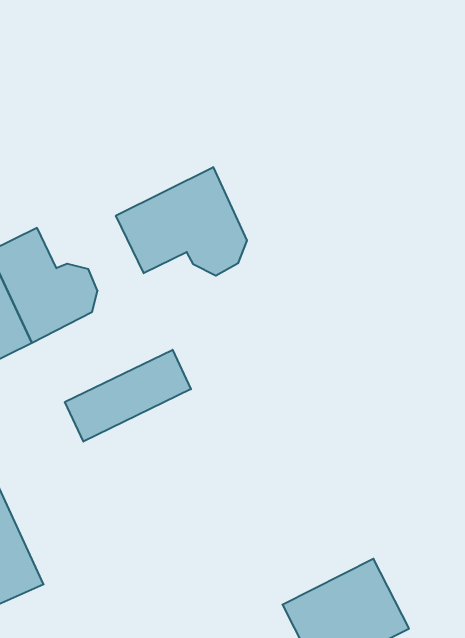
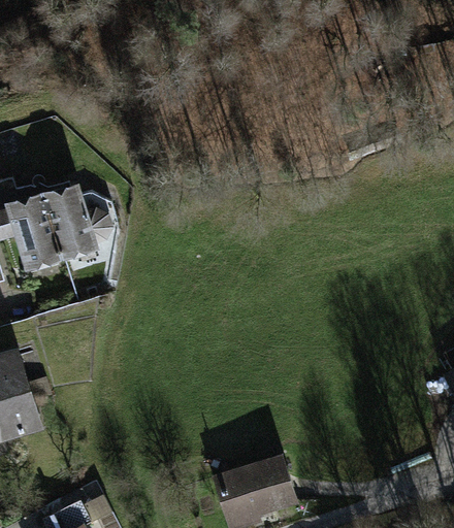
building: [116,167,247,276] -> none
building: [65,350,191,442] -> none

